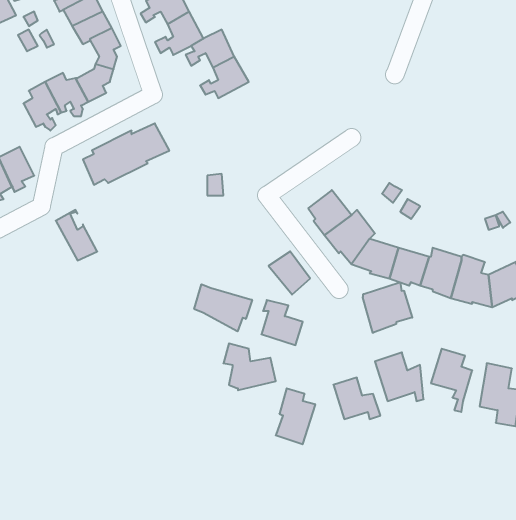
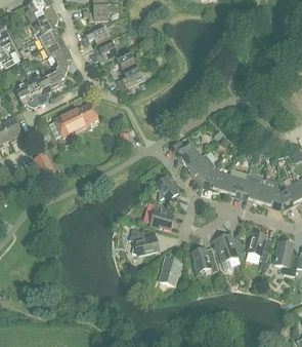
building: [363,282,412,333] -> none
building: [194,284,252,331] -> none

